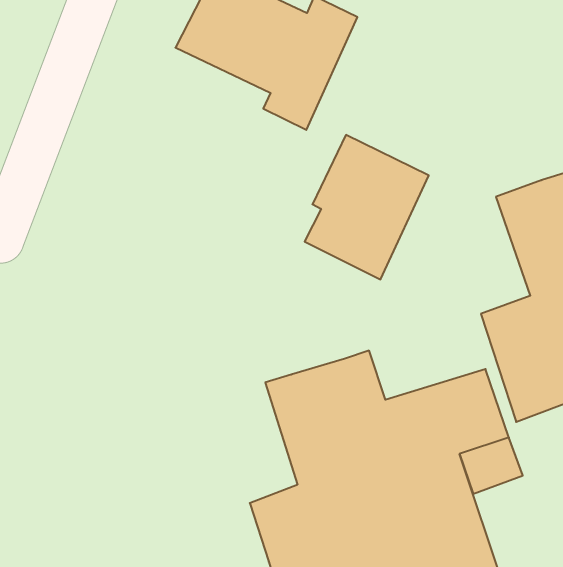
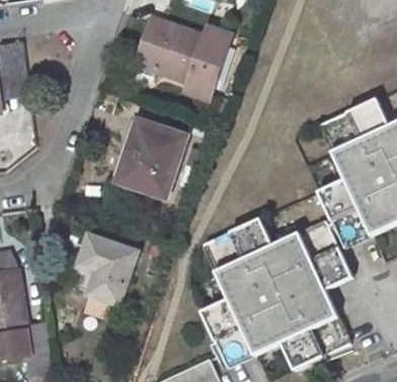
building: [305,135,429,279] -> [122,120,186,198]
building: none -> [76,235,138,305]

